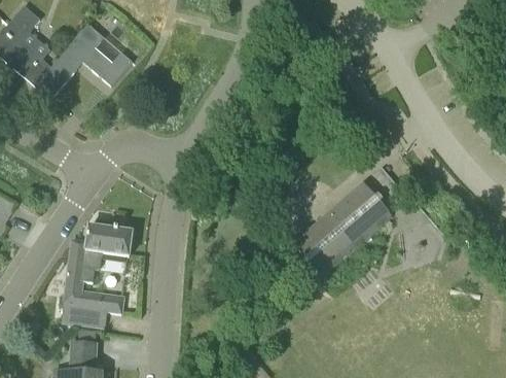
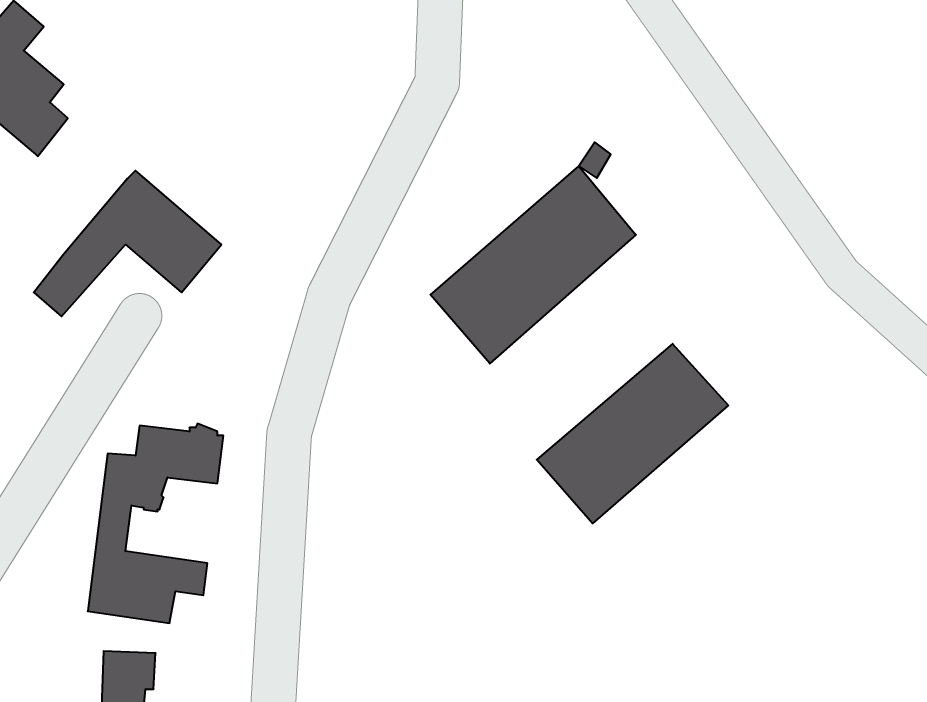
building: [36,24,133,99] -> [34,171,221,316]
building: none -> [430,166,636,364]

